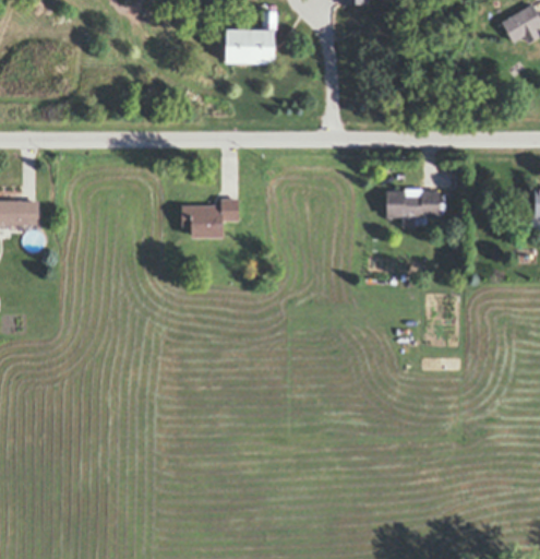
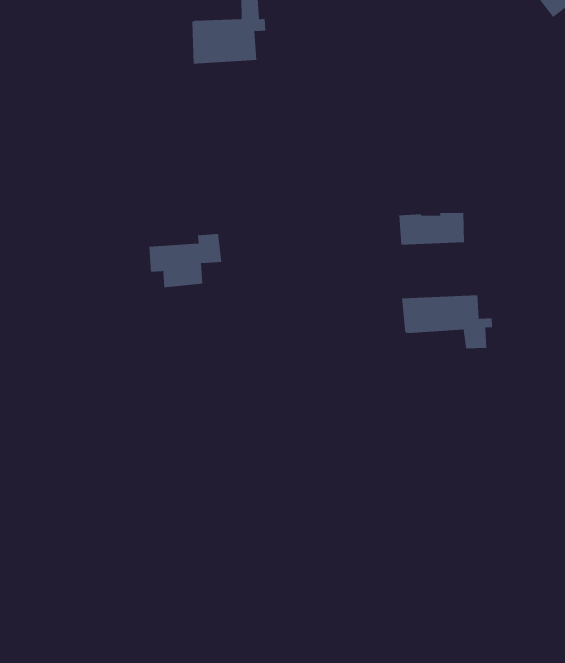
building: none -> [402,294,492,349]

